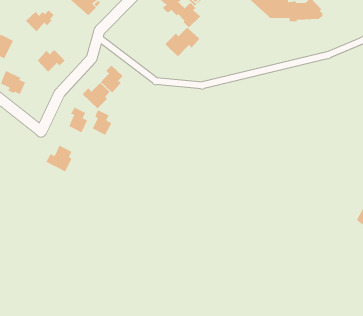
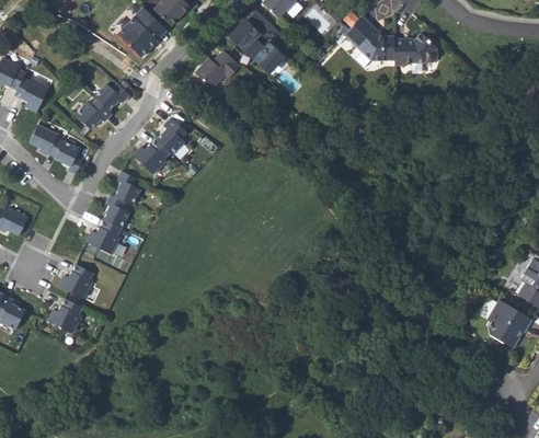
building: [25,10,55,32] -> [94,81,131,109]
building: [165,27,200,57] -> [194,50,239,89]
building: none -> [54,140,82,174]
building: [91,109,112,136] -> [103,194,129,228]
building: none -> [58,264,92,298]
building: none -> [47,298,81,333]

